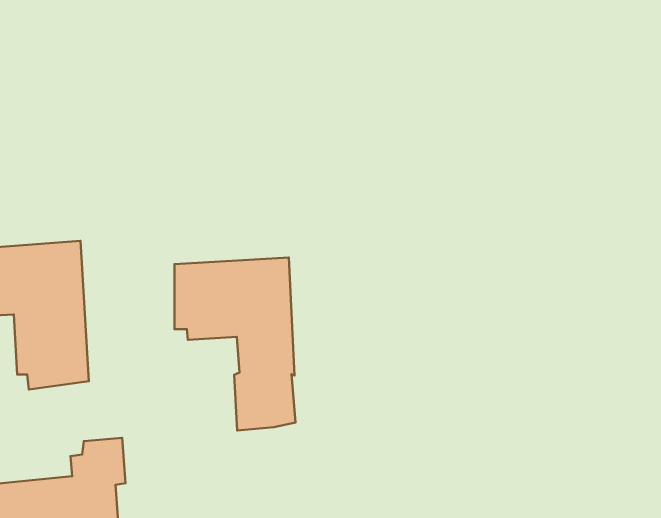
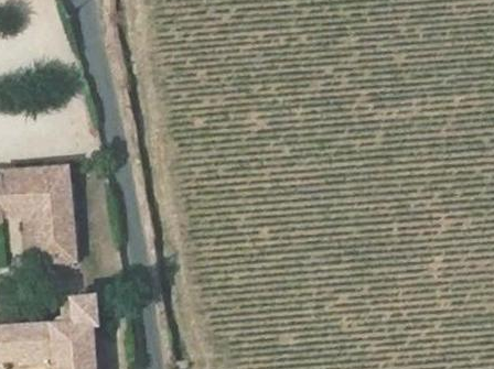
building: [174,257,295,430] -> none

